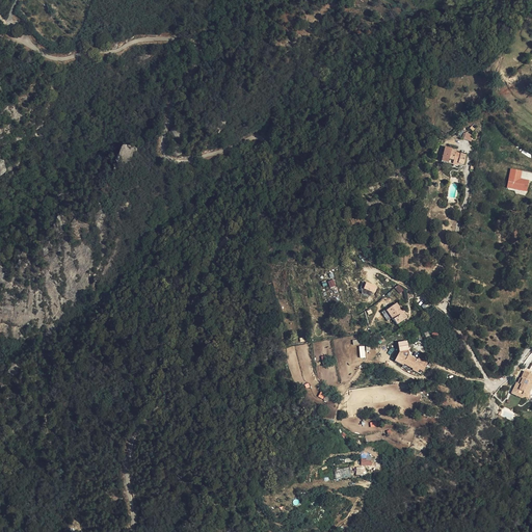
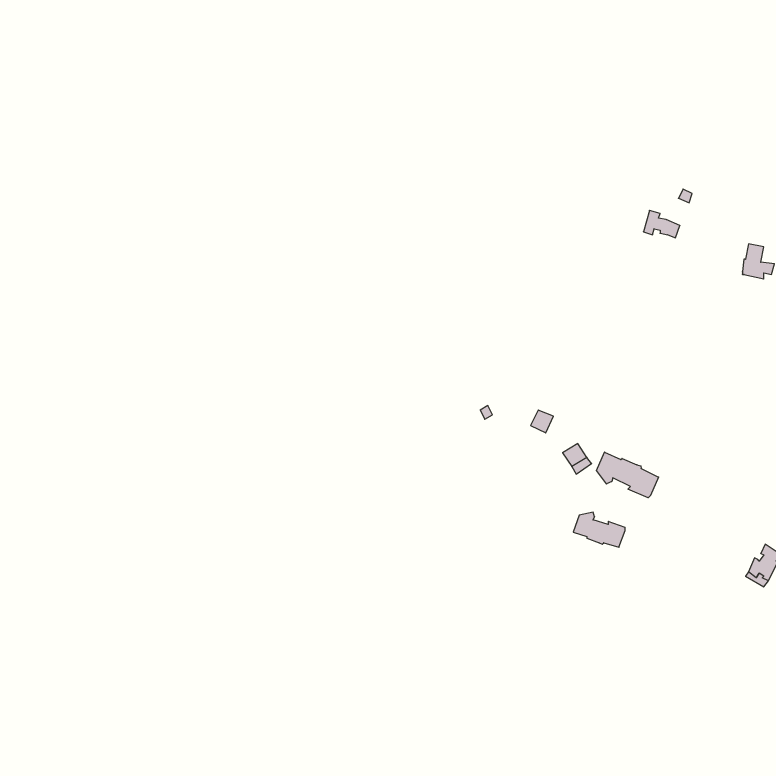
building: none -> [597,452,659,498]

